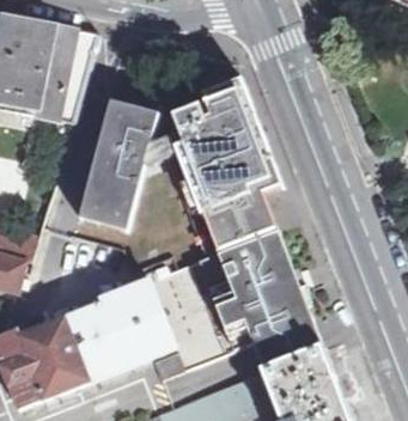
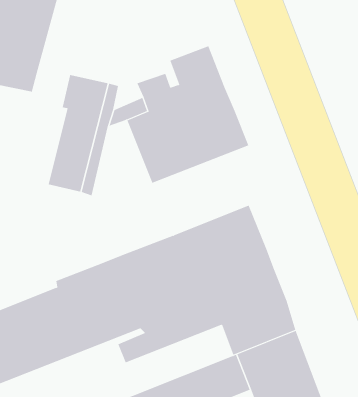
building: [183,173,294,258] -> none

